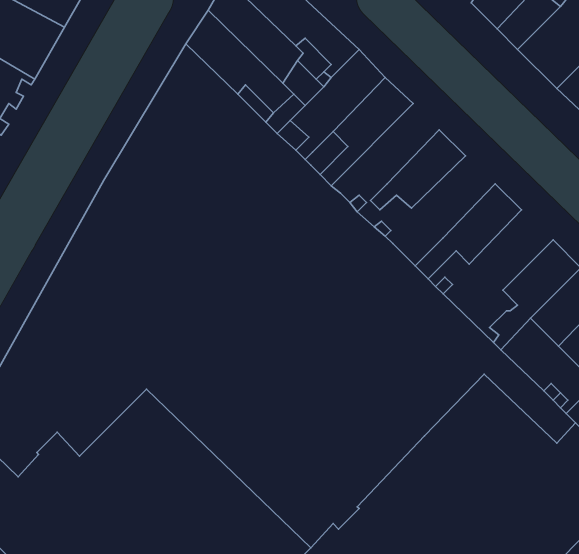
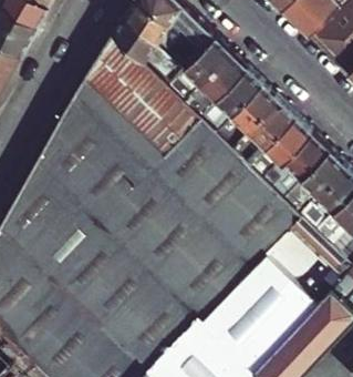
building: none -> [198,70,262,123]
building: none -> [246,101,295,150]
building: none -> [280,133,330,183]

